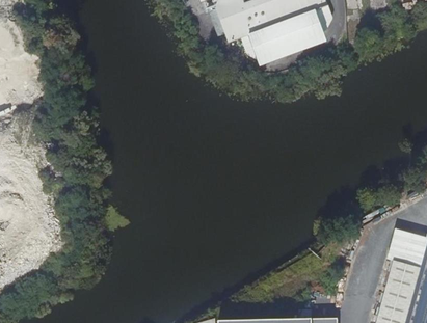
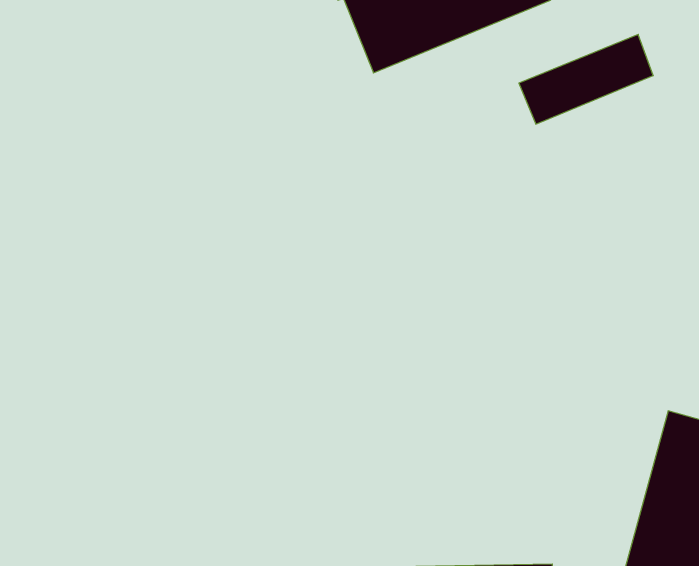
building: [257,11,331,61] -> [519,34,653,124]

